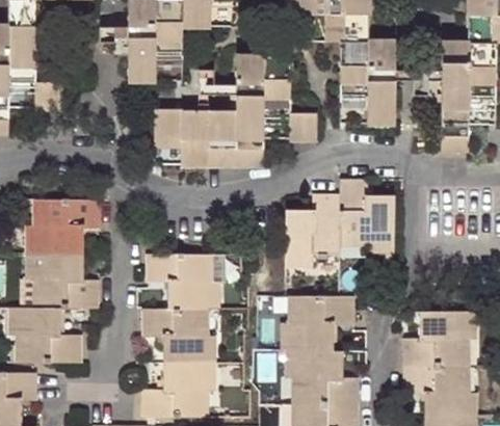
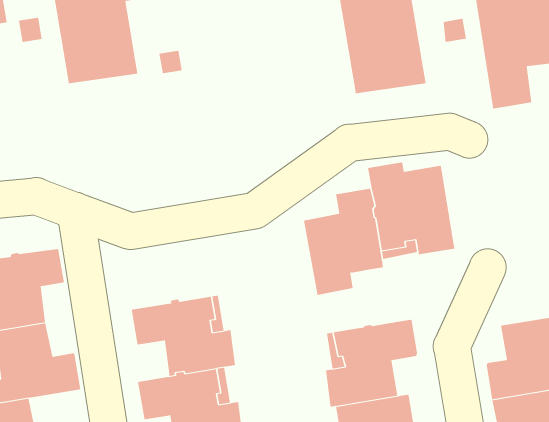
building: [153,56,316,165] -> none

